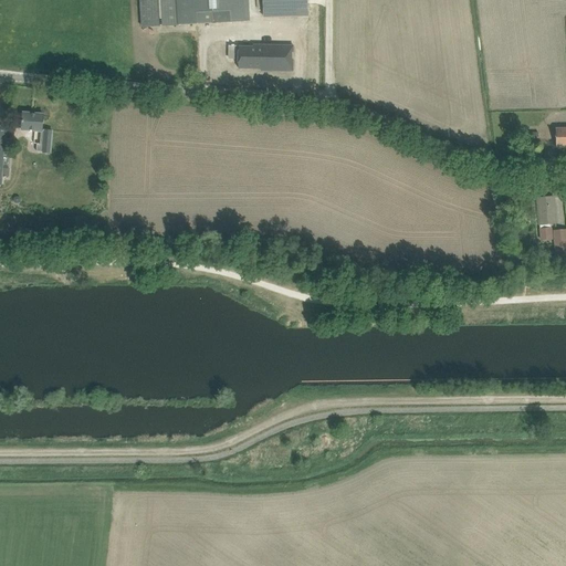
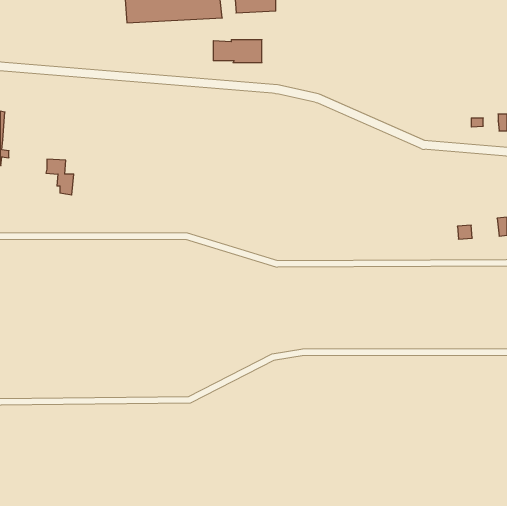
building: [21,113,52,153] -> [46,159,74,195]
building: [537,196,556,239] -> none

